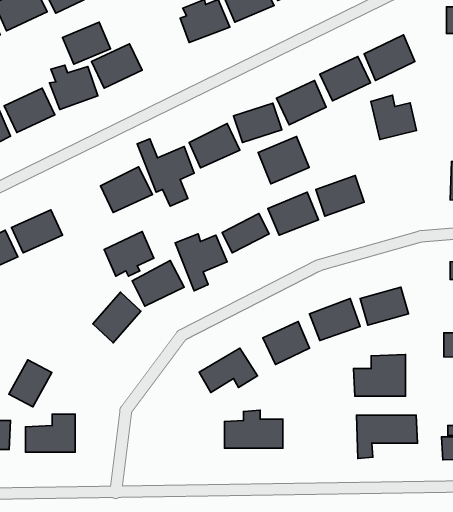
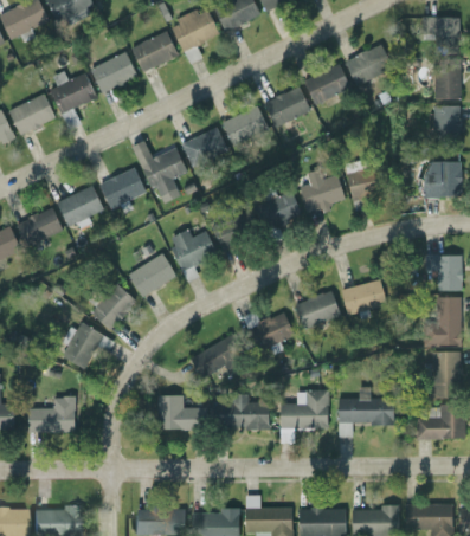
building: [62,22,111,64] -> [133,32,178,71]
building: [371,95,416,139] -> [343,160,386,201]
building: [258,137,309,184] -> none
building: [104,232,154,276] -> [57,186,103,227]
building: [354,354,405,396] -> [279,390,328,430]
building: [9,360,52,407] -> [63,325,103,369]
building: none -> [156,395,206,431]

